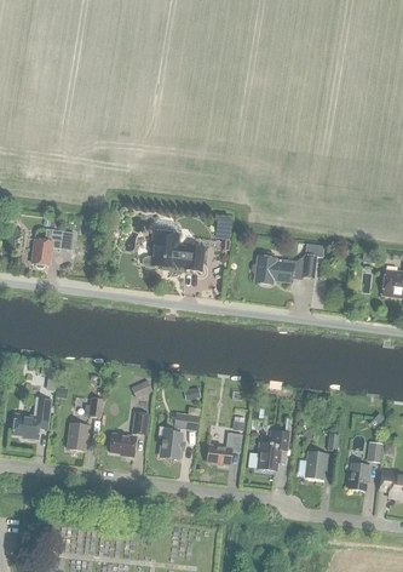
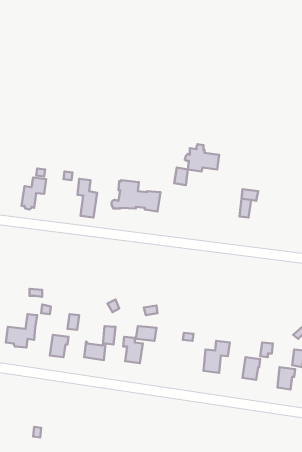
building: none -> [77,179,97,218]
building: [251,251,293,285] -> [185,144,219,172]
building: [206,433,242,464] -> none

